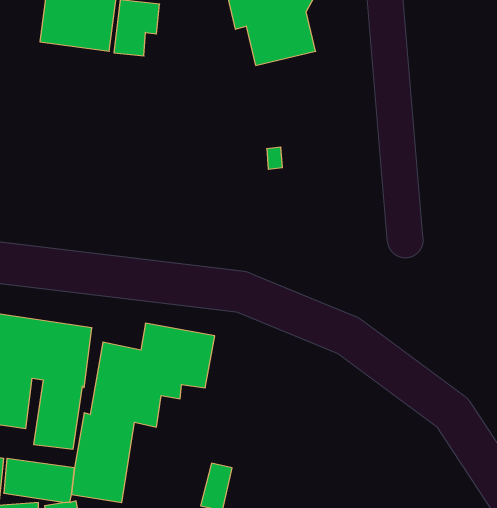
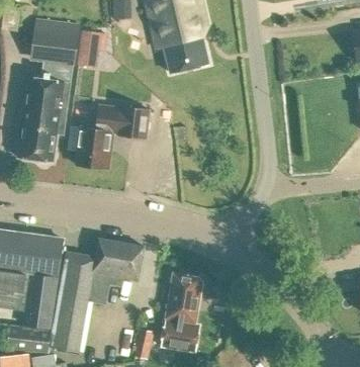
building: none -> [18,77,71,163]
building: none -> [76,106,149,171]
building: none -> [160,273,200,350]

